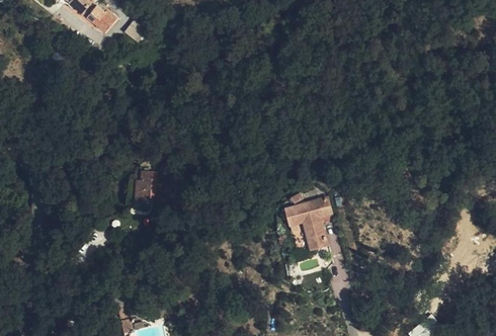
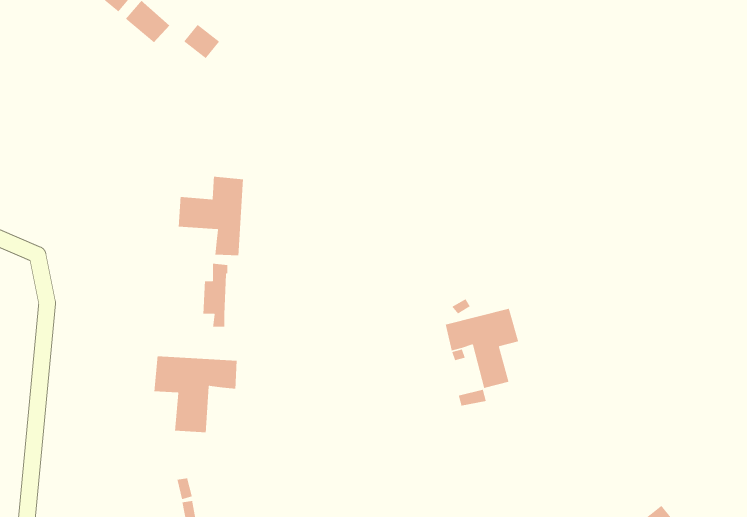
building: none -> [178,176,244,256]
building: none -> [153,355,237,433]

